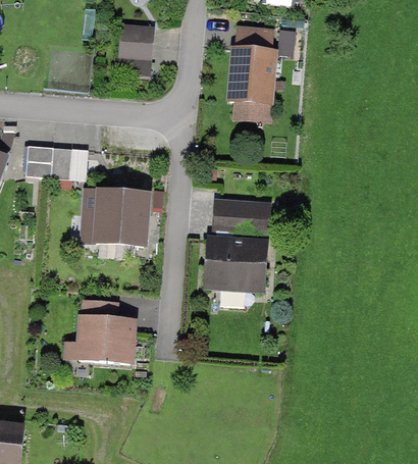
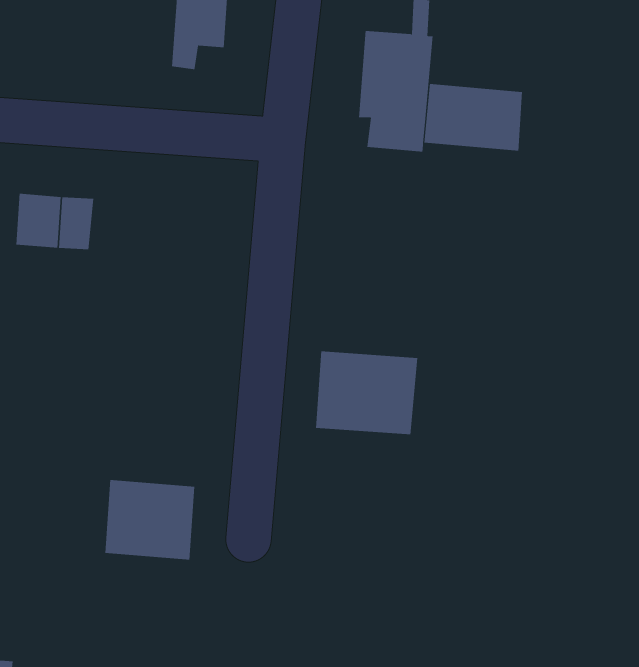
building: none -> [424,83,523,151]
building: [85,189,148,245] -> none
building: [213,200,268,233] -> none

